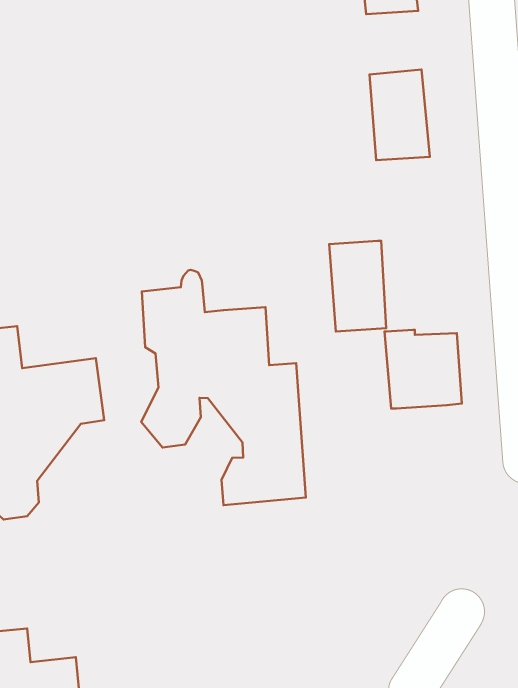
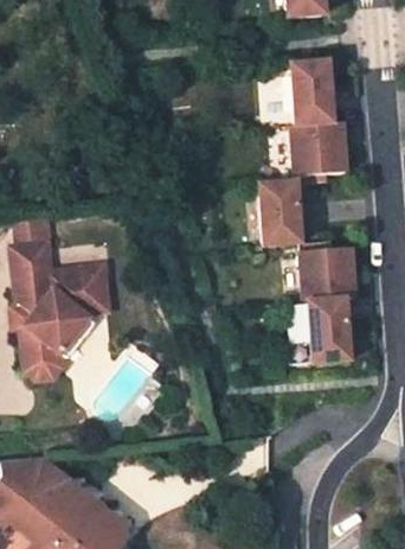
building: none -> [294,121,348,181]
building: [141,270,306,505] -> none
building: none -> [310,298,351,362]

